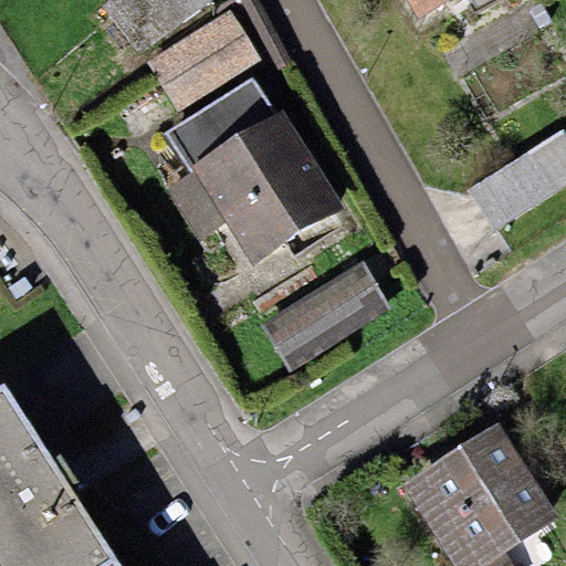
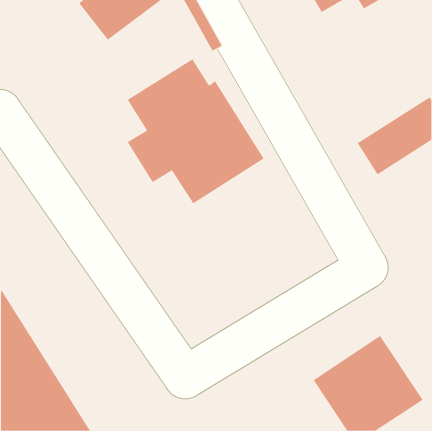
building: [146,9,260,108] -> none
building: [259,258,392,370] -> none

